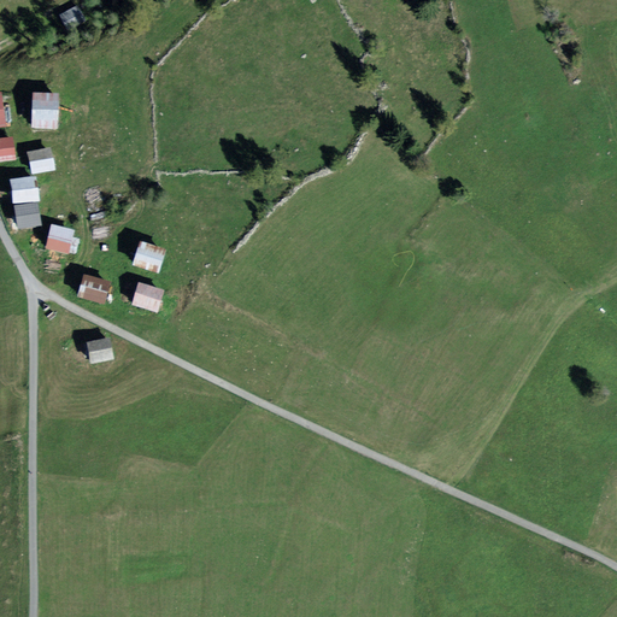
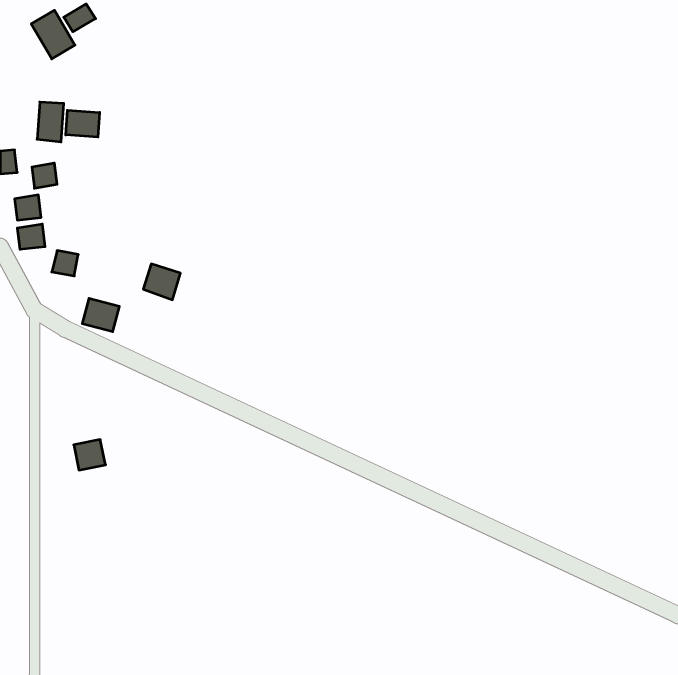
building: none -> [31,10,75,59]
building: none -> [66,110,100,137]
building: [129,280,163,311] -> none
building: [84,335,113,363] -> [74,440,106,470]

